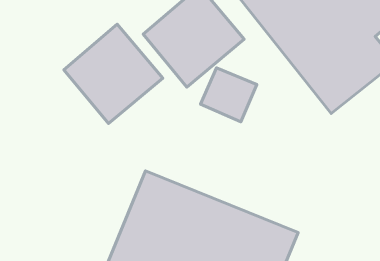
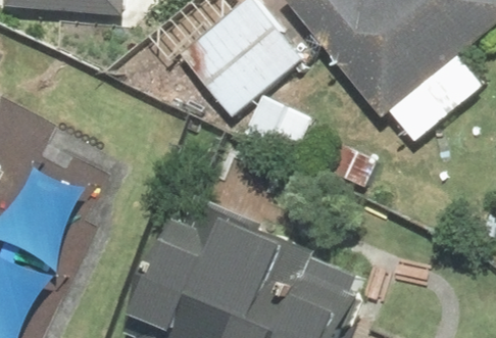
building: [64,24,163,124] -> none

